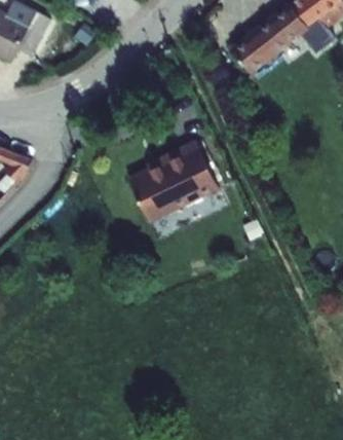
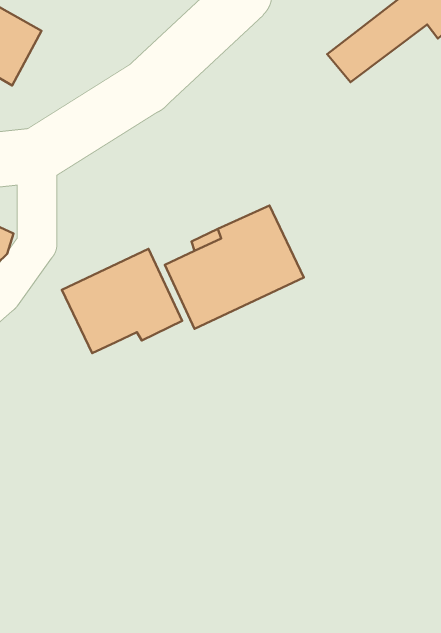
building: none -> [62,249,182,353]

